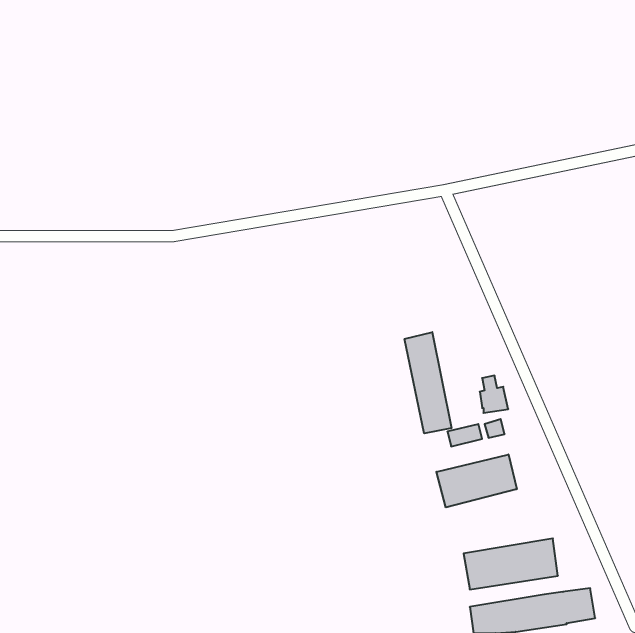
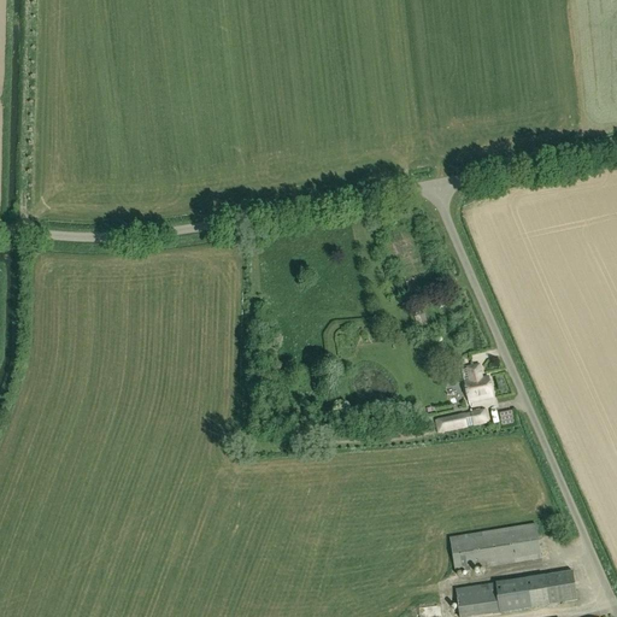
building: [405,332,451,433] -> none
building: [436,454,517,507] -> none

